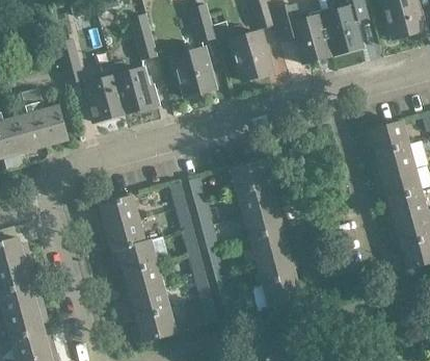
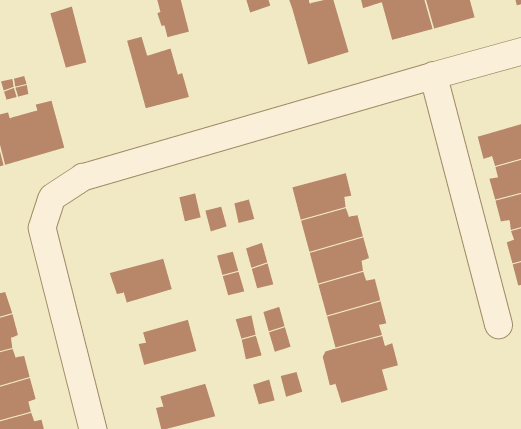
building: [170,48,216,97] -> none
building: [87,63,126,122] -> none
building: [96,196,139,230] -> none
building: [112,240,157,273] -> none
building: [125,286,169,318] -> none

